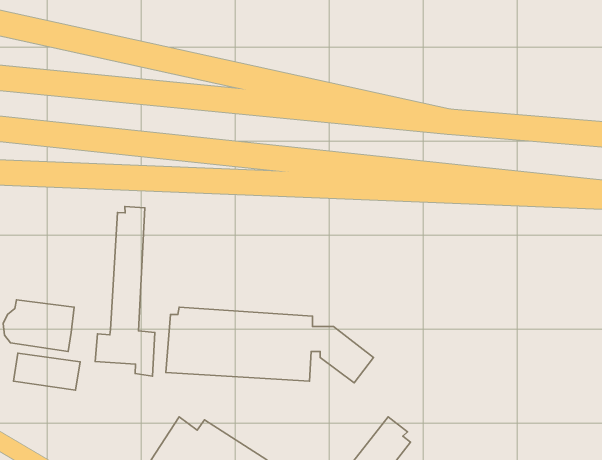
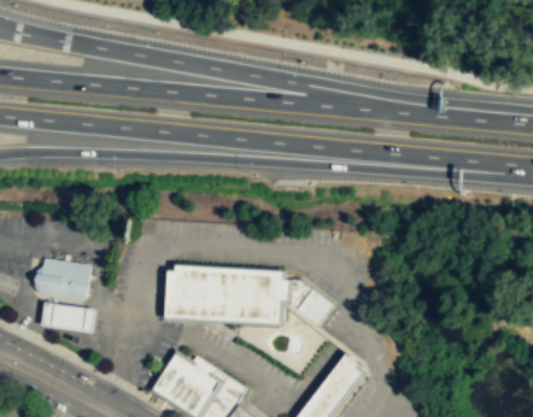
building: [95,206,155,376] -> none

